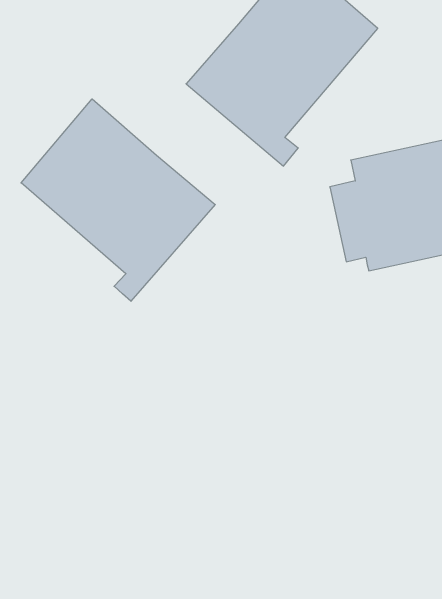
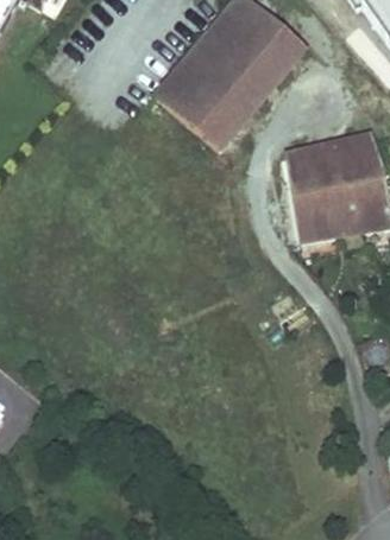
building: [21,99,215,301] -> none

